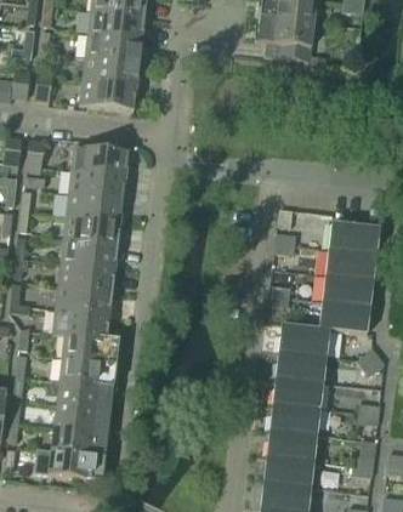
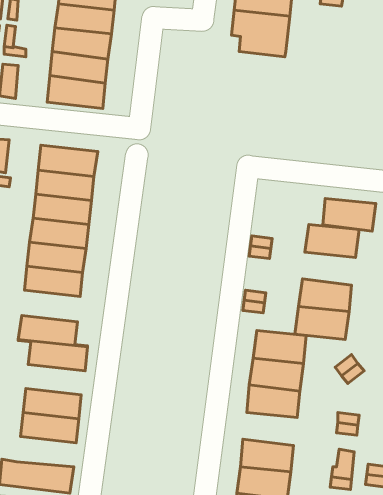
building: [325,249,376,280] -> [323,198,376,231]
building: [56,285,112,315] -> none
building: [59,357,117,386] -> none
building: [268,403,320,434] -> none
building: [51,426,108,455] -> none

